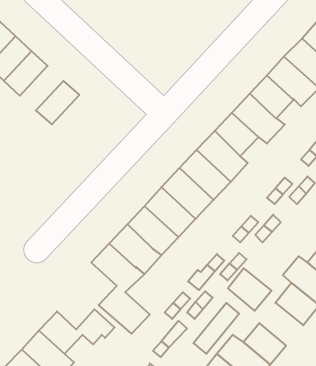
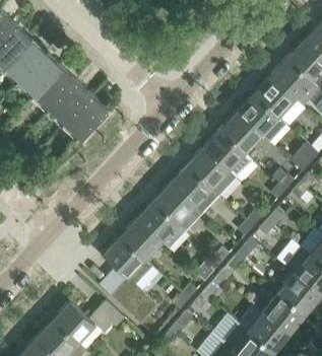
building: none -> [34,68,75,111]
building: none -> [64,95,107,139]
building: [228,268,272,311] -> [262,294,304,335]

